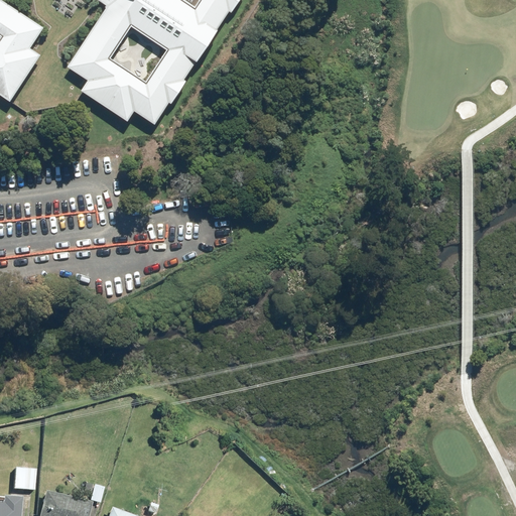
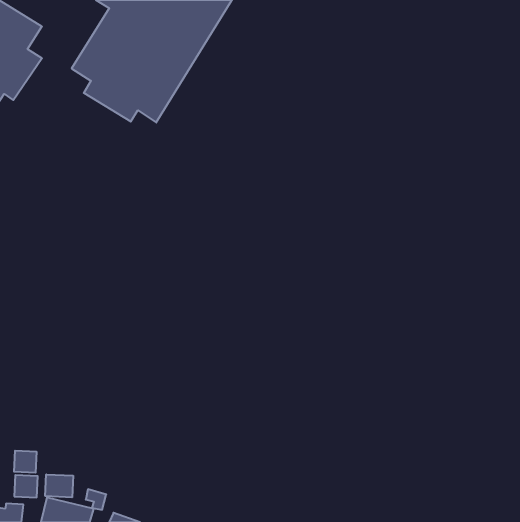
building: none -> [14,451,36,473]
building: none -> [45,474,73,497]

